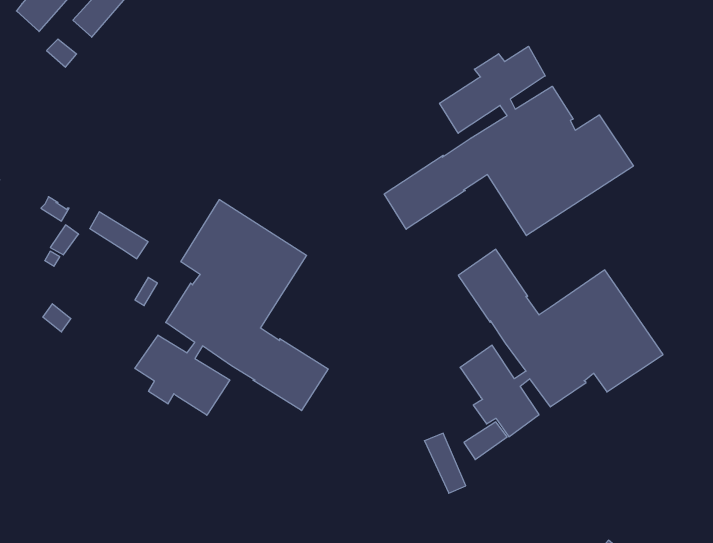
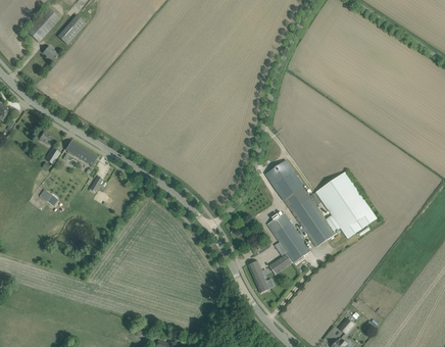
building: [384,46,633,236] -> none
building: [135,200,328,415] -> none

